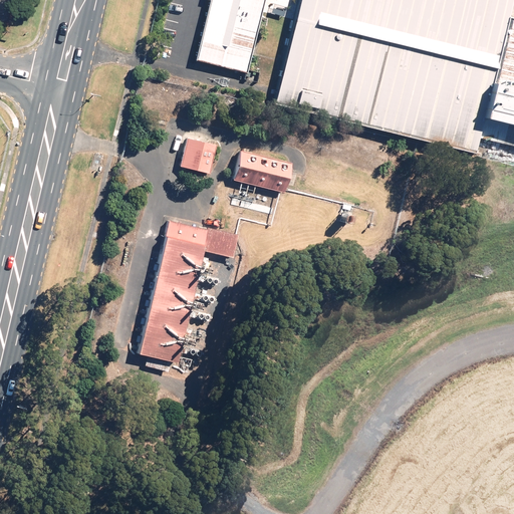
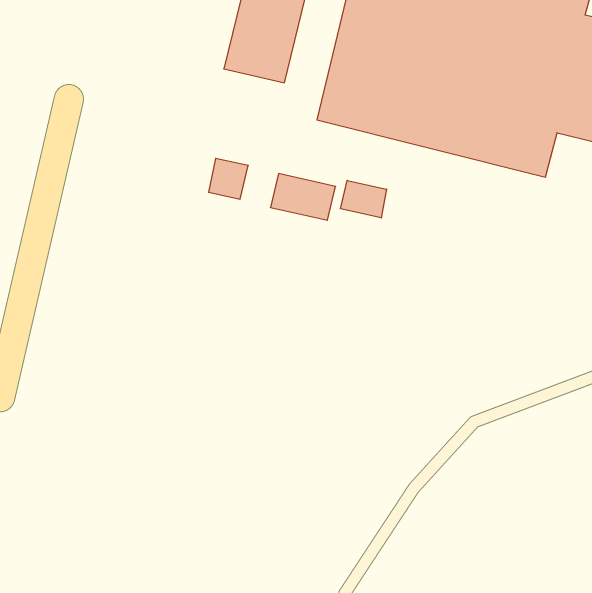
building: none -> [341,180,387,218]
building: [140,218,238,359] -> none

